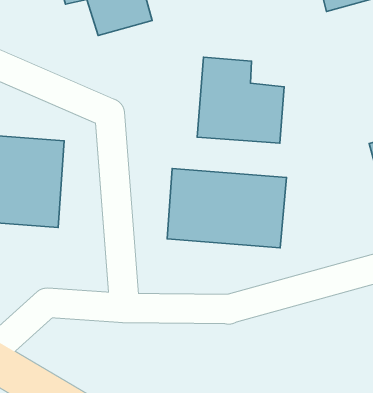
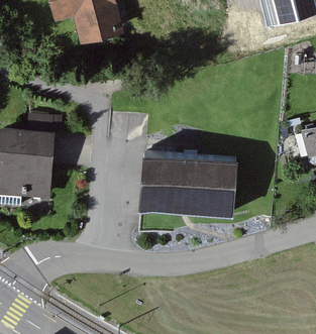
building: [197,57,284,143] -> none

